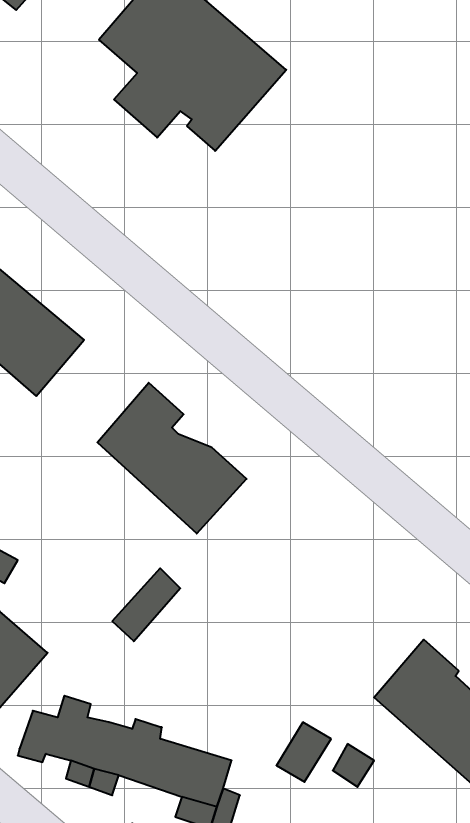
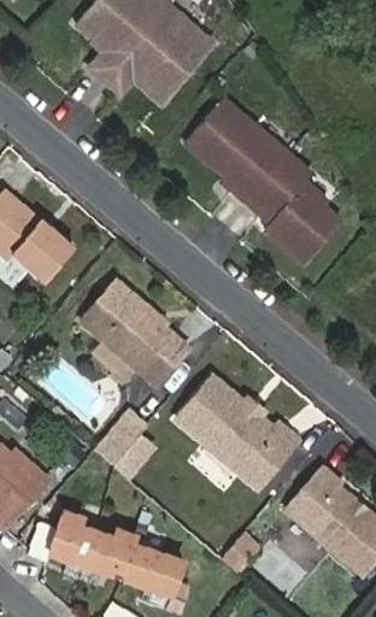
building: none -> [186,99,335,258]
building: none -> [181,381,302,490]

